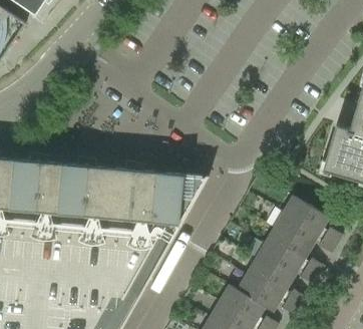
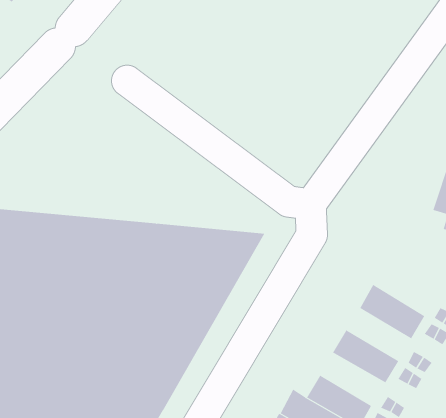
building: [283,195,329,233] -> none
building: [264,227,310,264] -> none
building: [246,258,292,295] -> none

